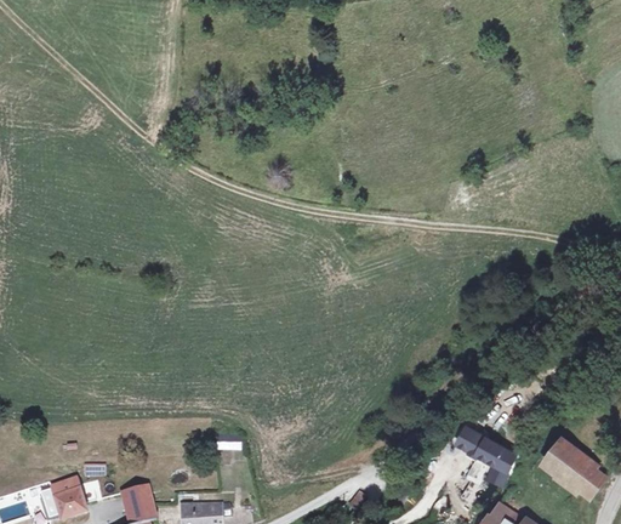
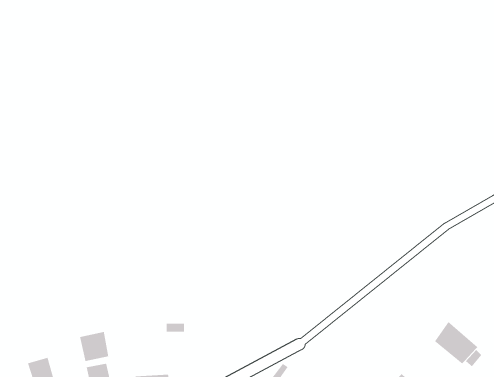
building: [457,425,515,483] -> none
building: none -> [79,331,109,362]

